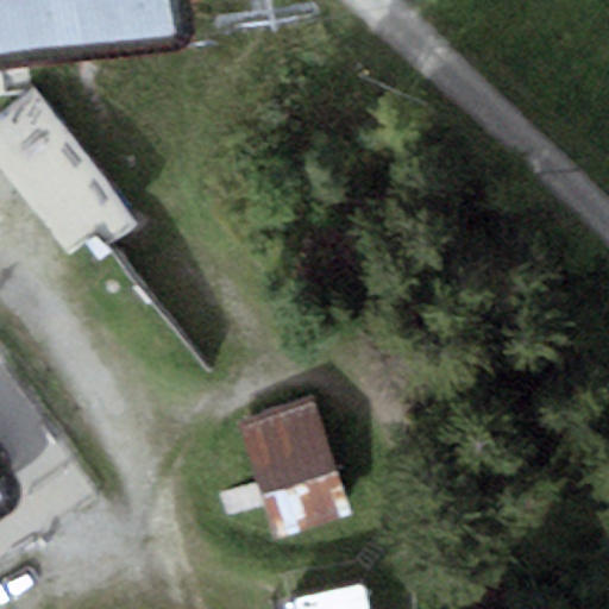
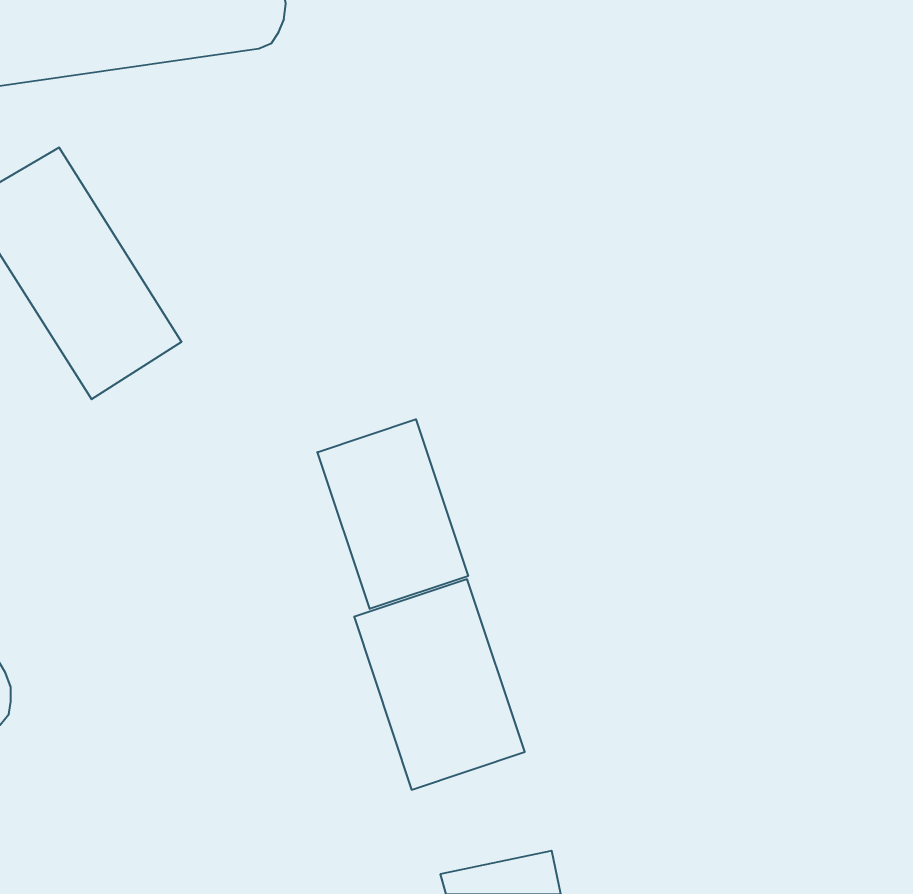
building: none -> [317,419,468,609]

